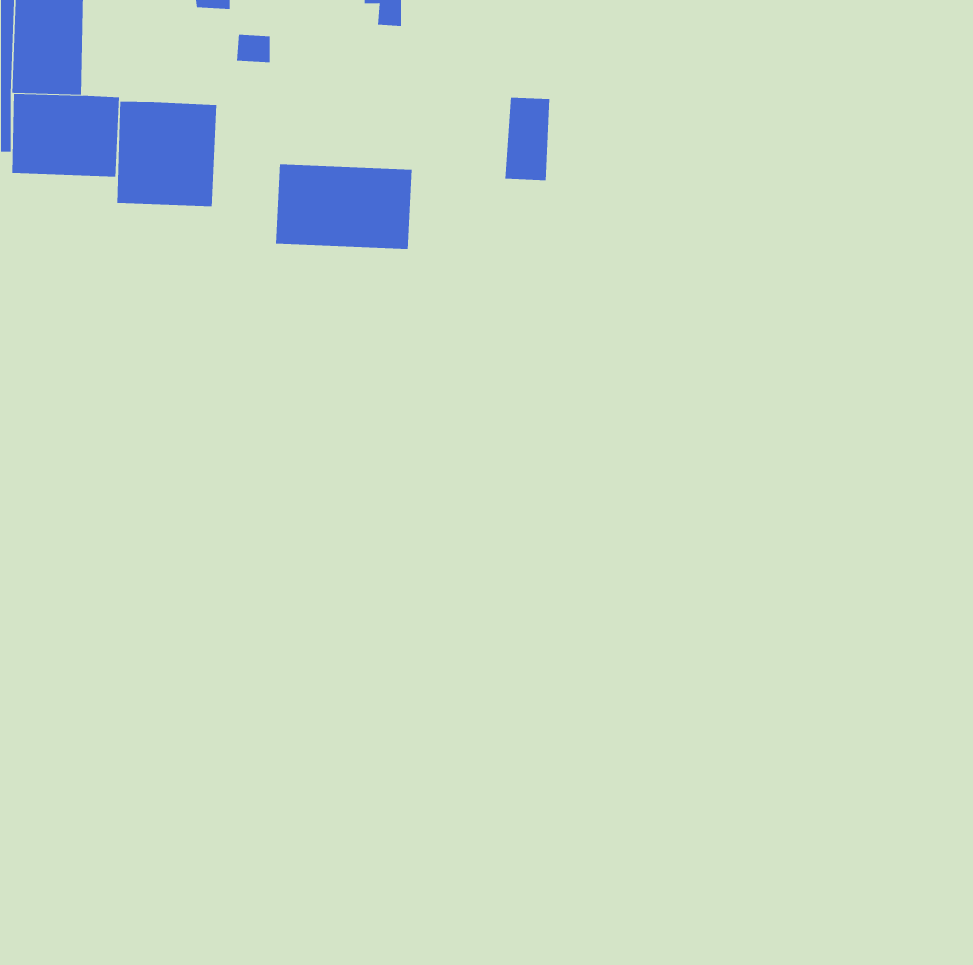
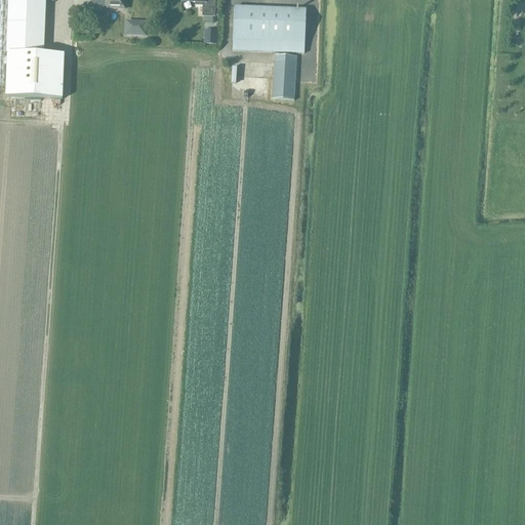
building: [117,101,217,207] -> none
building: [275,164,412,250] -> [232,4,306,50]

